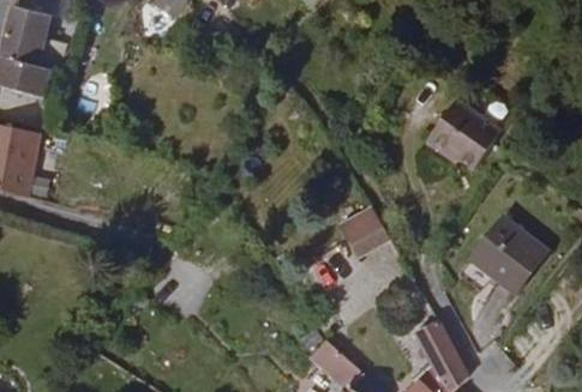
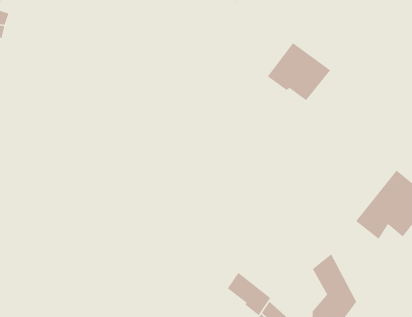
building: [432,108,506,176] -> [267,42,331,101]
building: [336,201,386,252] -> none

